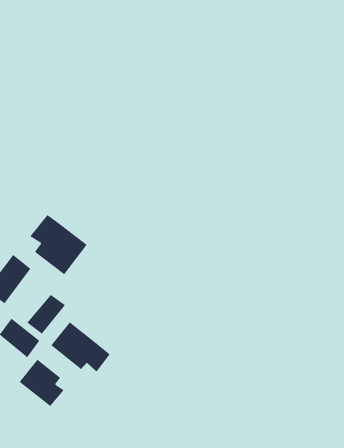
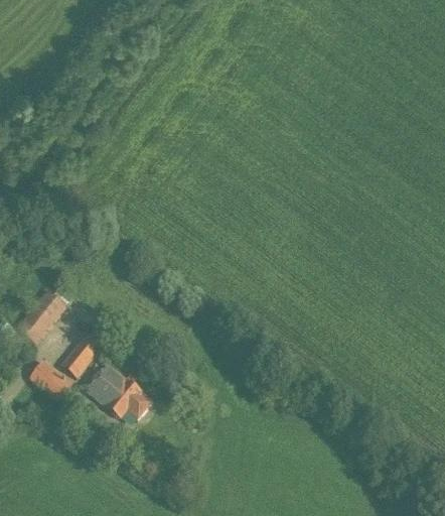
building: [29,214,88,275] -> none
building: [19,359,64,407] -> none

